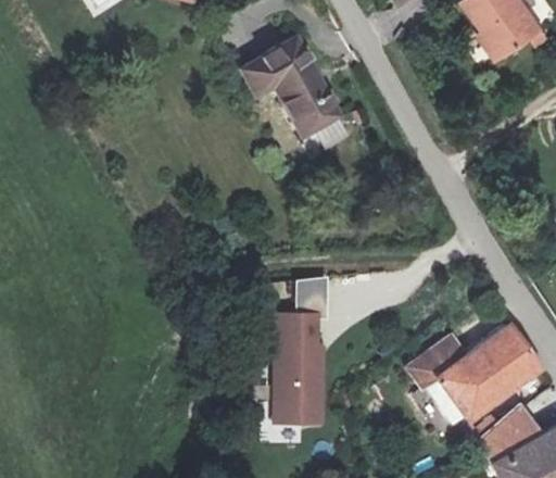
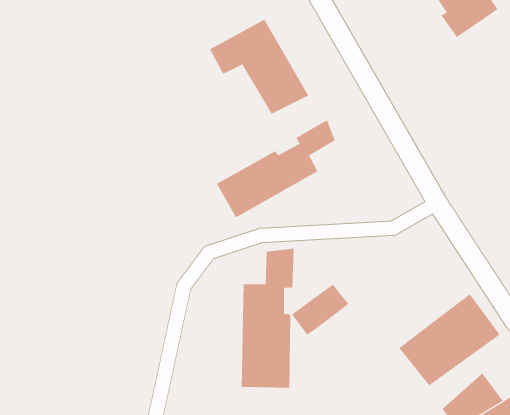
building: none -> [216,119,336,218]
building: [408,335,468,388] -> [291,284,349,336]

